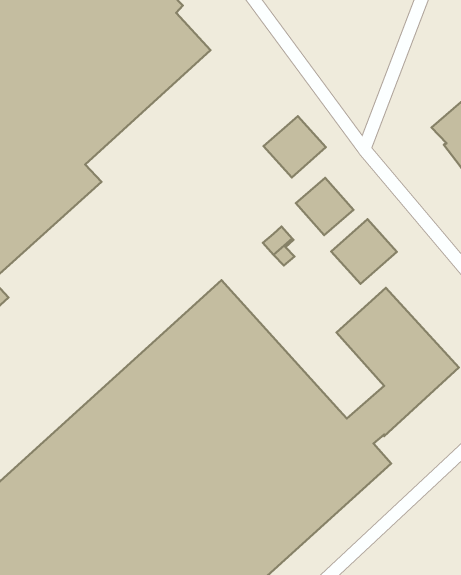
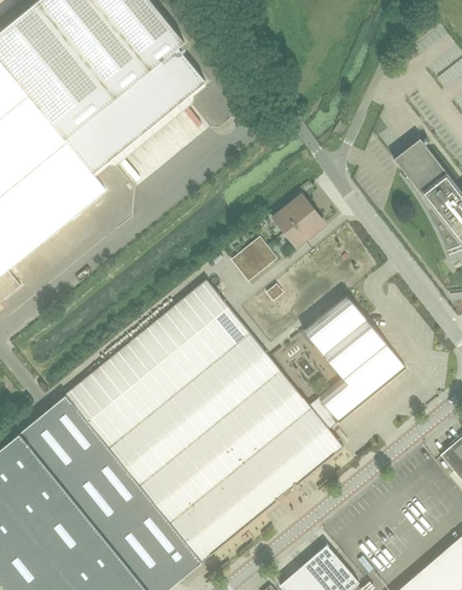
building: [264,116,326,177] -> none
building: [331,219,397,284] -> none

